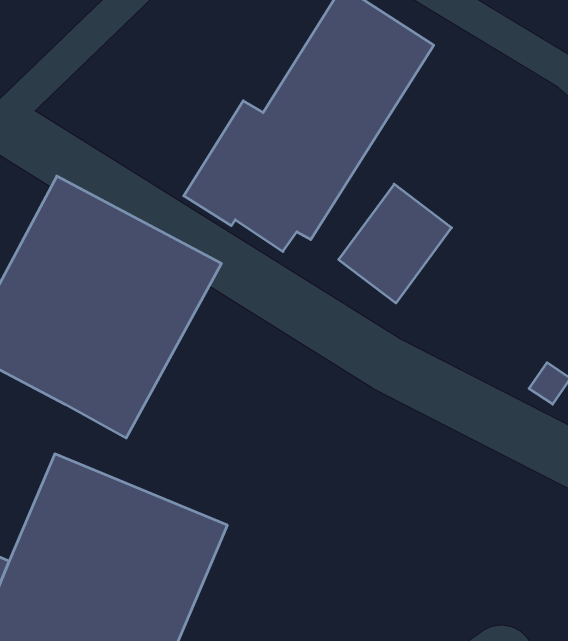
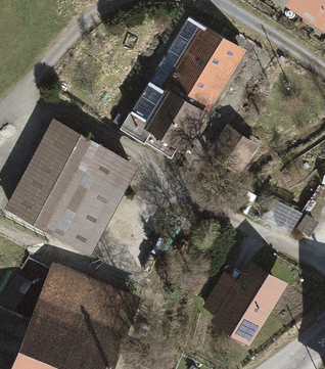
building: none -> [201,260,289,347]

